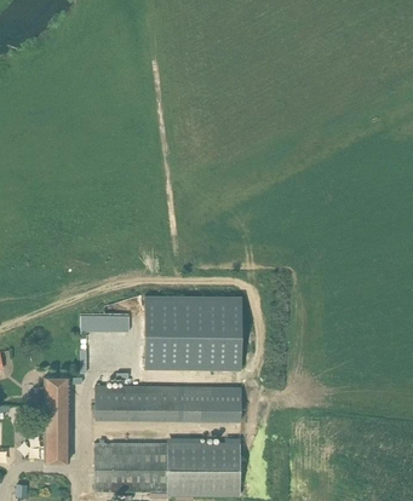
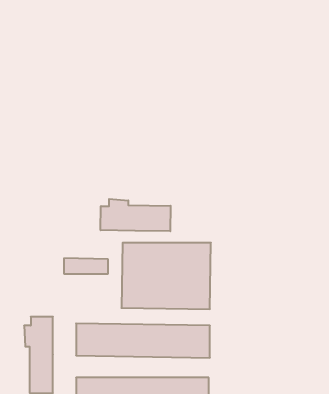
building: none -> [101,199,171,231]

